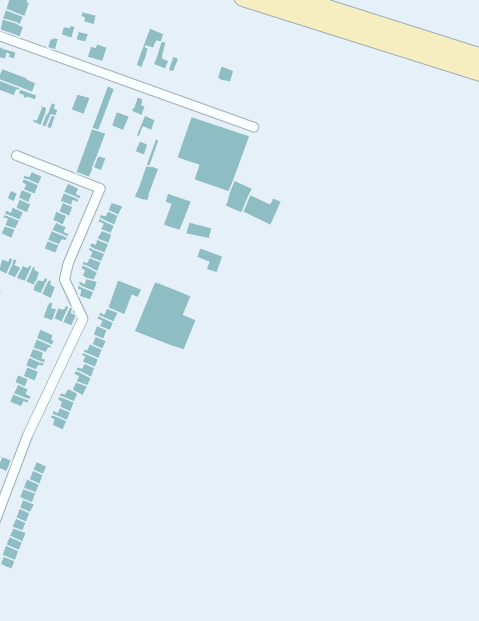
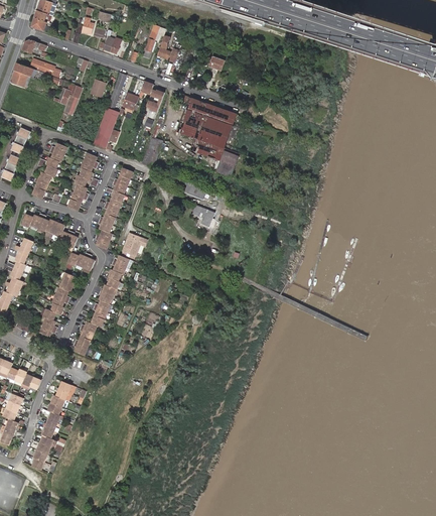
building: [163,193,192,231] -> none
building: [243,194,282,226] -> none
building: [134,281,197,351] -> none

